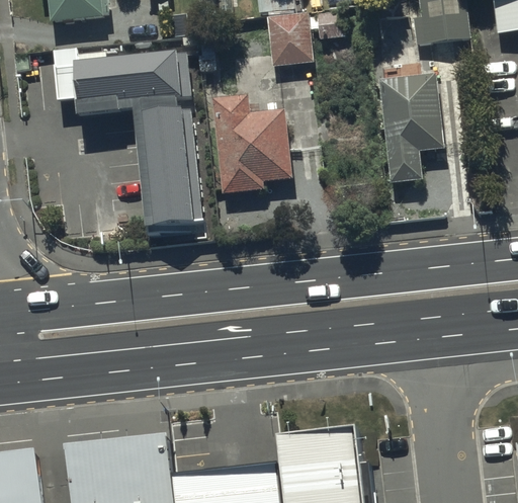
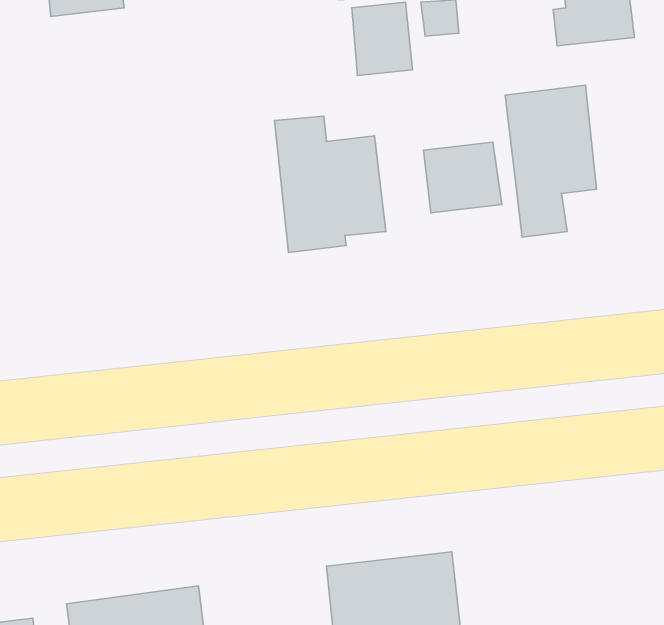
building: [76,51,202,228] -> none
building: none -> [424,142,502,213]

